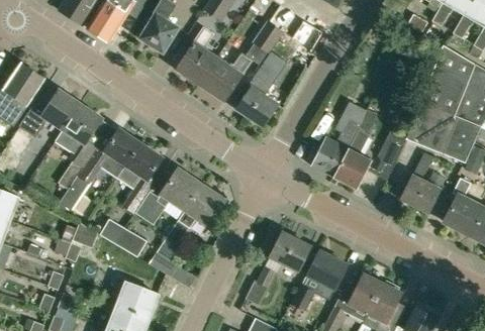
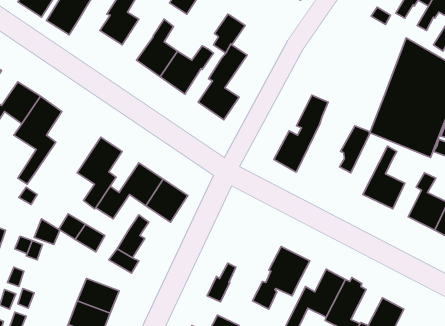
building: [333,108,375,188] -> none
building: [78,127,140,183] -> none
building: [270,232,310,269] -> none

